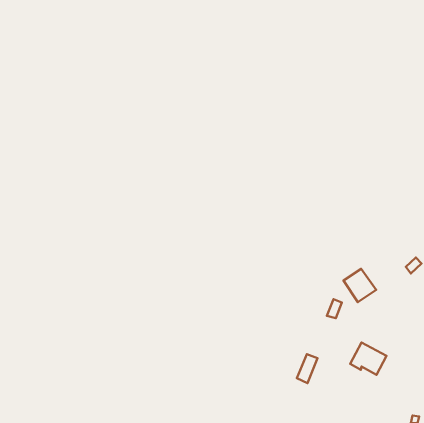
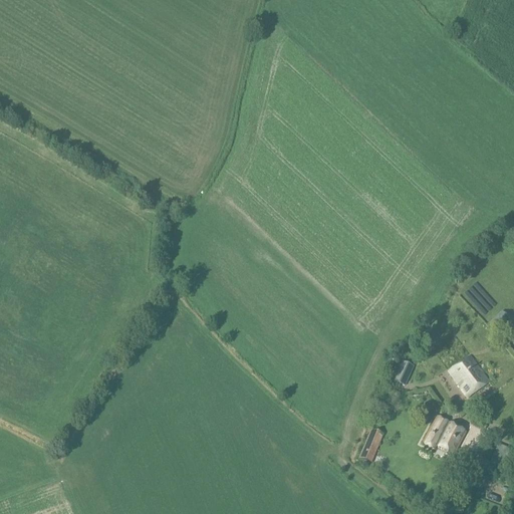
building: [344,269,376,302] -> [451,356,490,397]

